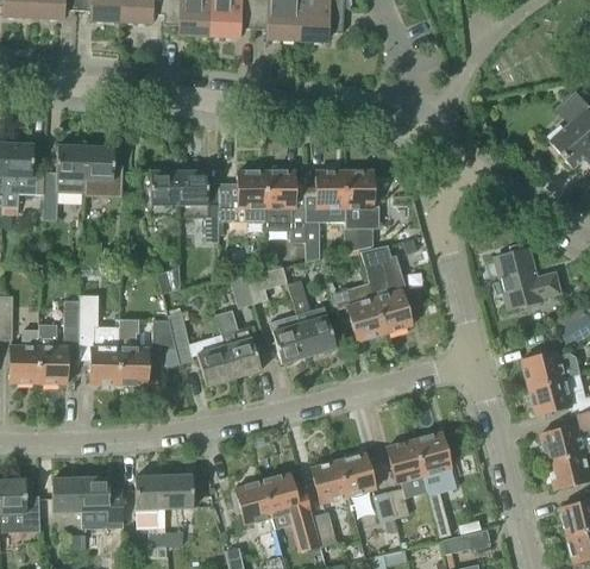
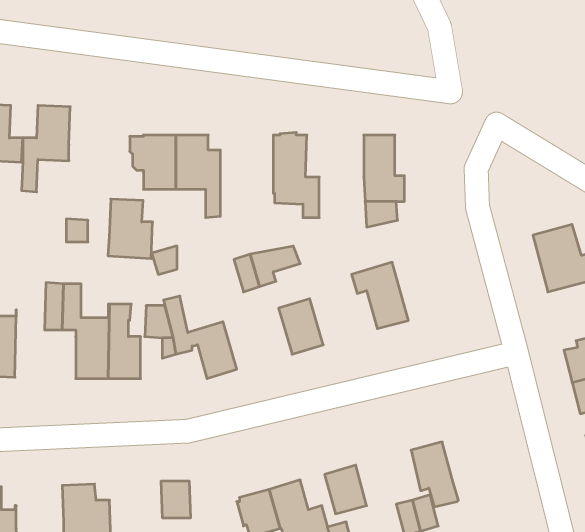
building: [84,145,124,198] -> [108,199,153,259]
building: [219,170,265,221] -> none
building: [306,170,345,262] -> none
building: [362,244,412,333] -> none
building: [289,280,337,355] -> none
building: [215,309,262,376] -> none
building: [38,324,68,383] -> none
building: [414,433,456,509] -> none
building: [338,454,374,509] -> none
building: [136,475,168,508] -> none
building: [52,479,81,511] -> none

